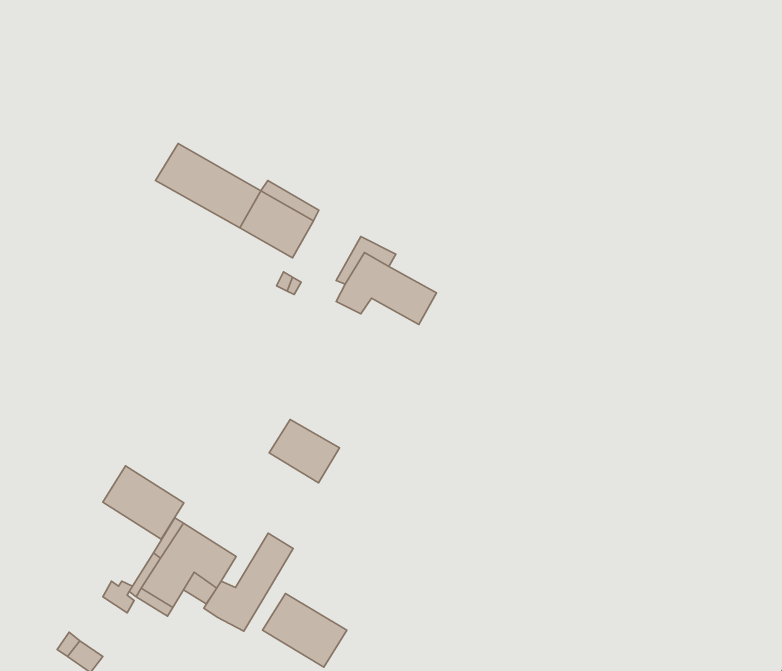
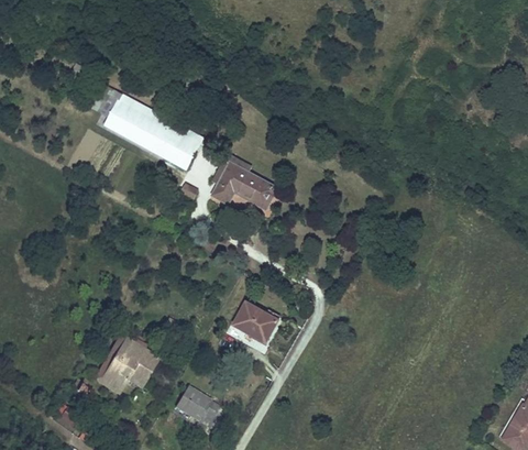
building: [269,420,339,483] -> [232,300,276,340]
building: [103,466,184,539] -> none
building: [204,533,293,631] -> none

